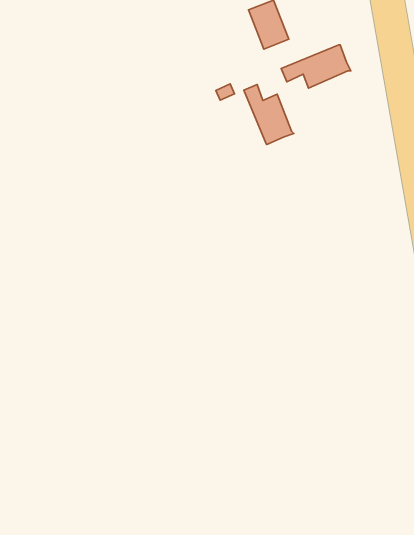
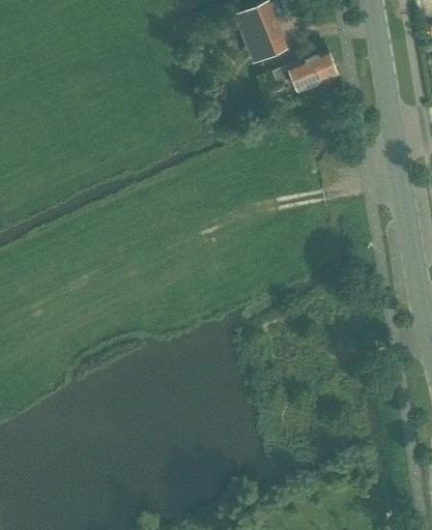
building: [244,85,294,145] -> none

